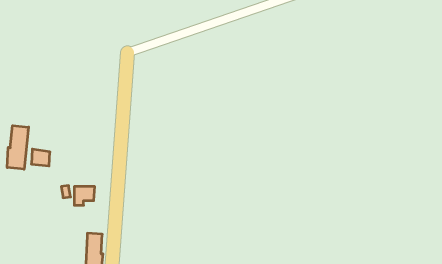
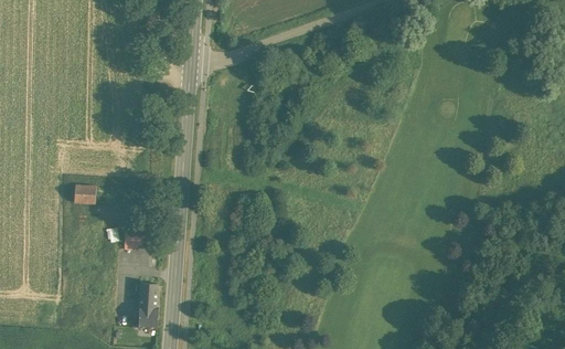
building: [7,126,29,169] -> none

